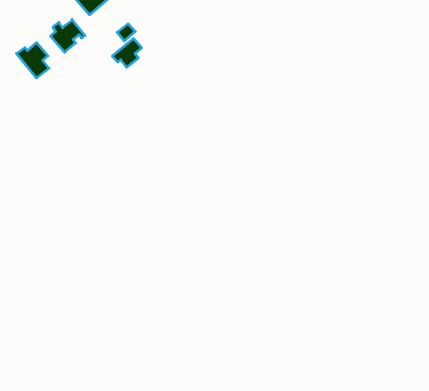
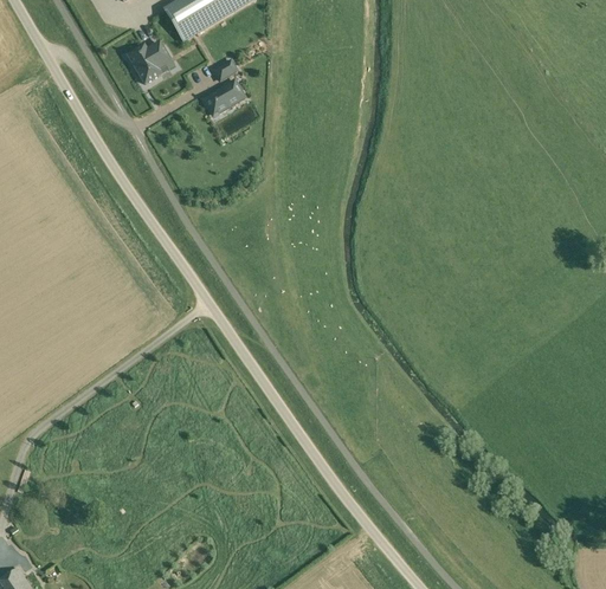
building: [16,43,49,78] -> none

